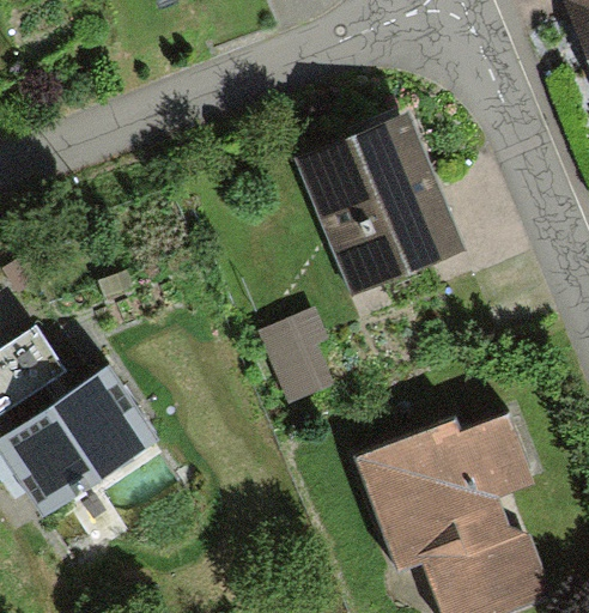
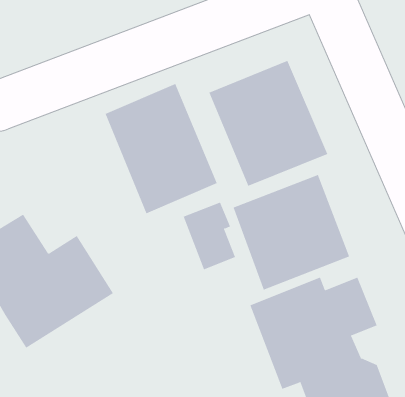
building: none -> [105,83,217,214]
building: none -> [233,174,350,291]

